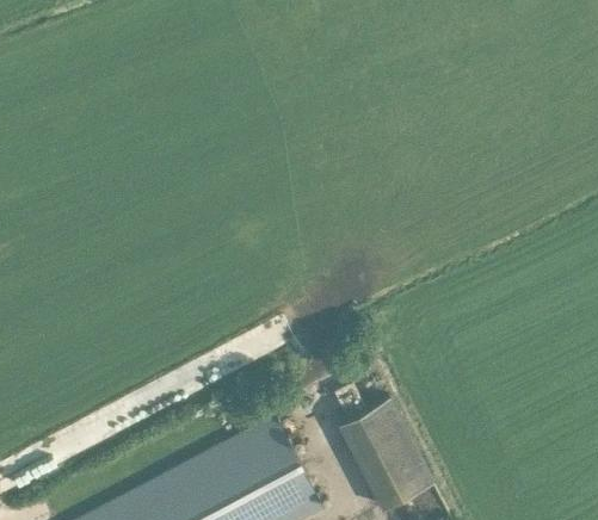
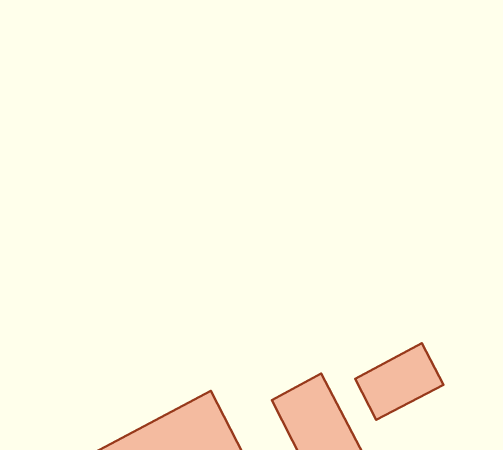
building: none -> [355,343,443,420]

